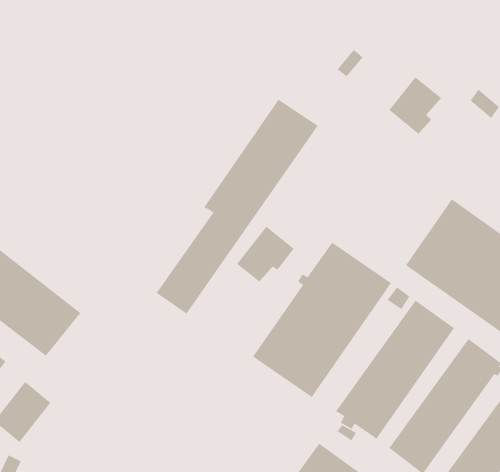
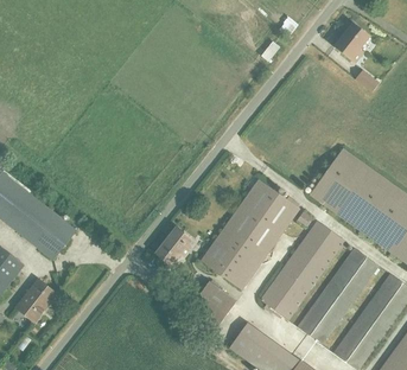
building: [389,76,442,135] -> [332,21,370,63]
building: [156,99,318,314] -> none
building: [236,226,294,282] -> [154,225,196,266]
building: none -> [190,280,236,325]

